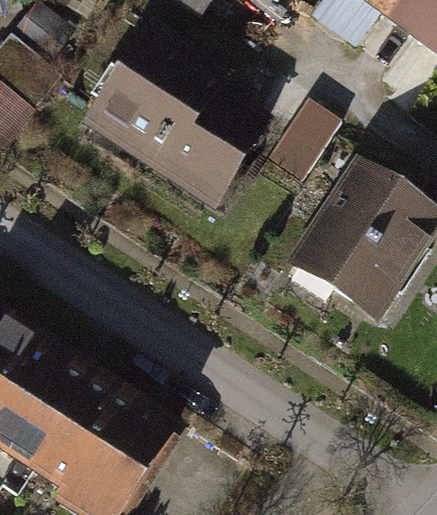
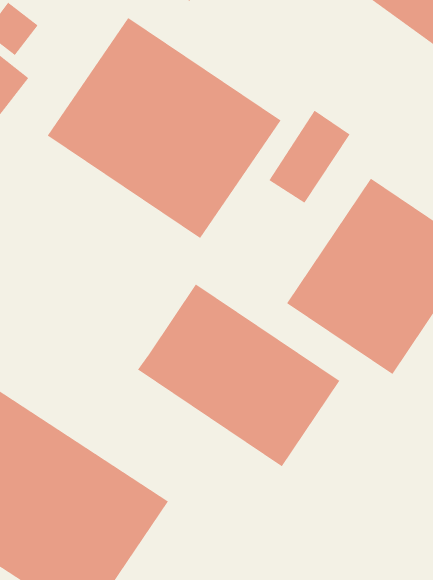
building: none -> [137,283,340,467]

